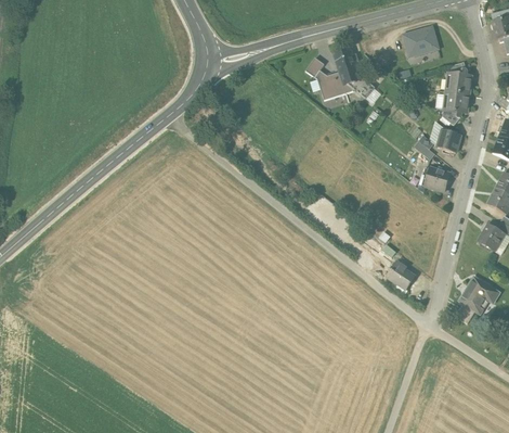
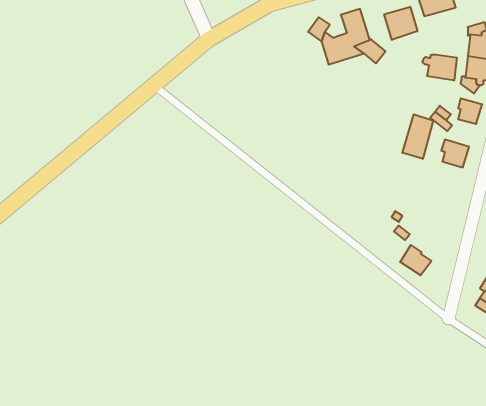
building: none -> [384,7,417,40]
building: none -> [422,55,457,81]
building: none -> [402,114,433,159]

